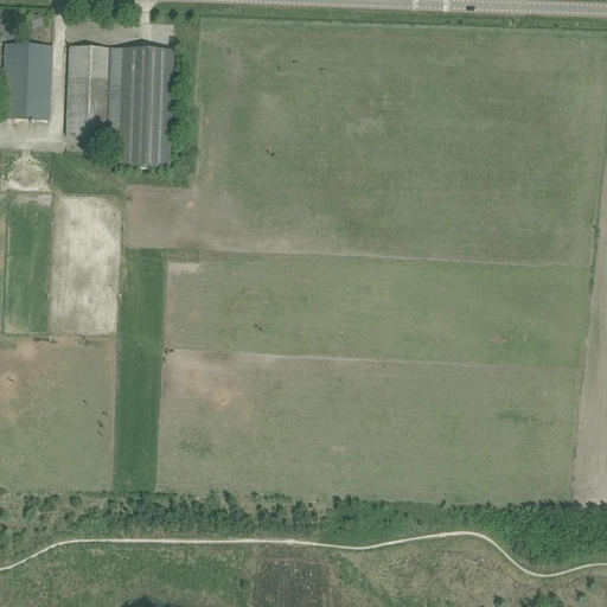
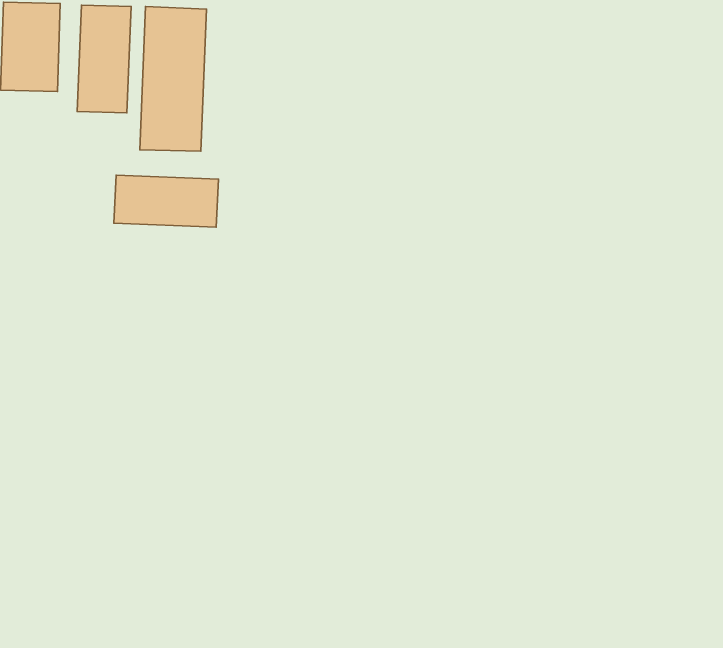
building: none -> [114,175,218,227]

